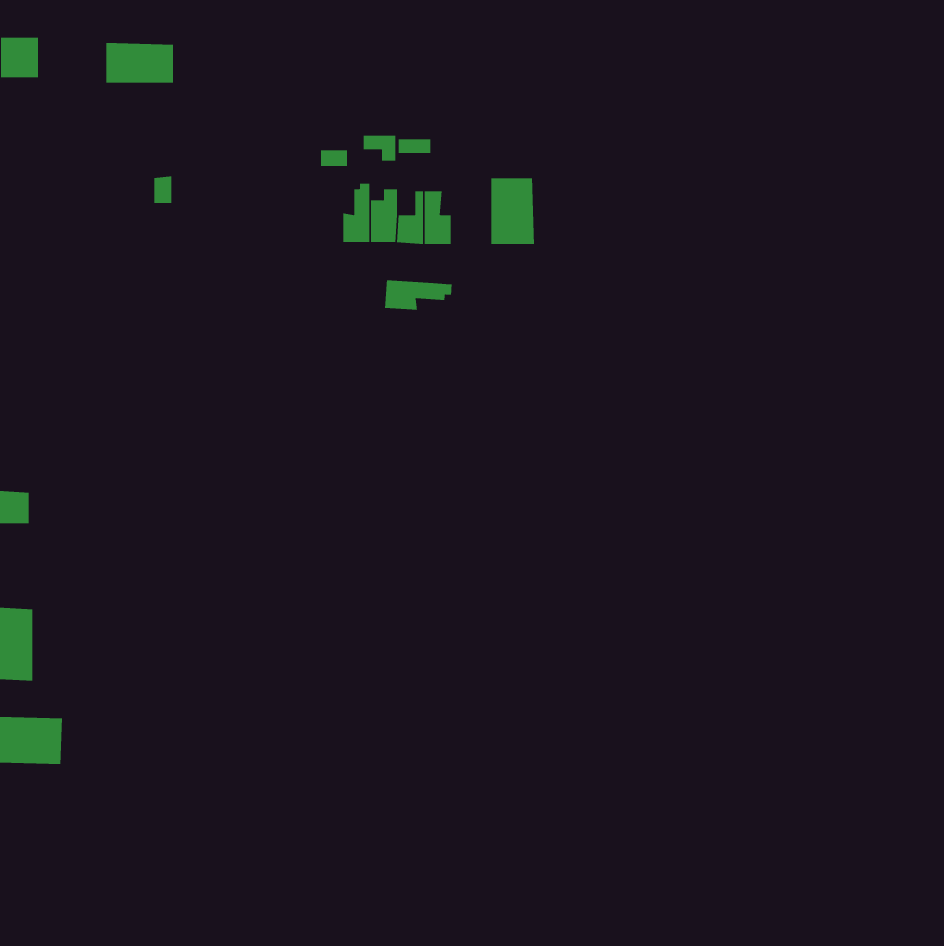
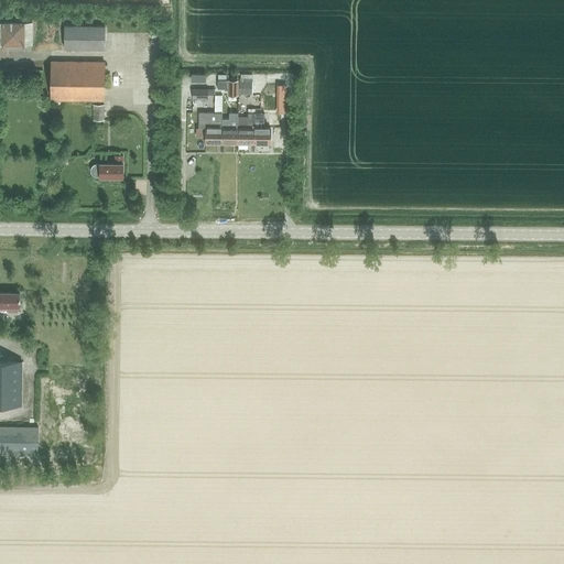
building: none -> [50,62,102,100]
building: [491,178,534,245] -> none
building: none -> [90,155,122,177]
building: [384,280,452,311] -> none

